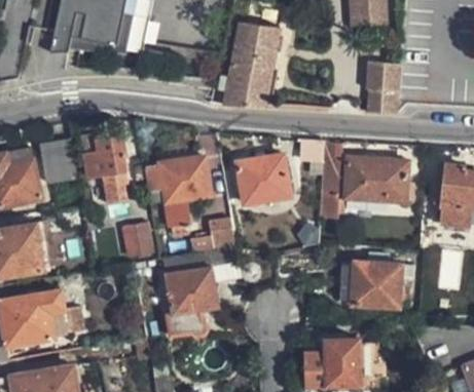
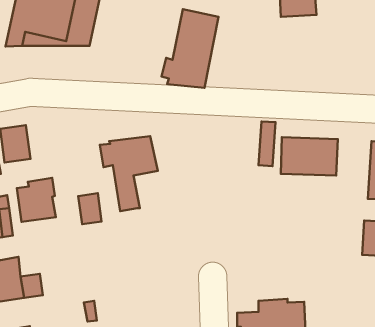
building: [365,58,395,111] -> none
building: [86,135,130,184] -> [17,178,56,222]
building: [239,158,293,205] -> none
building: [190,219,232,254] -> none
building: [342,261,403,306] -> none
building: [162,268,217,339] -> none

